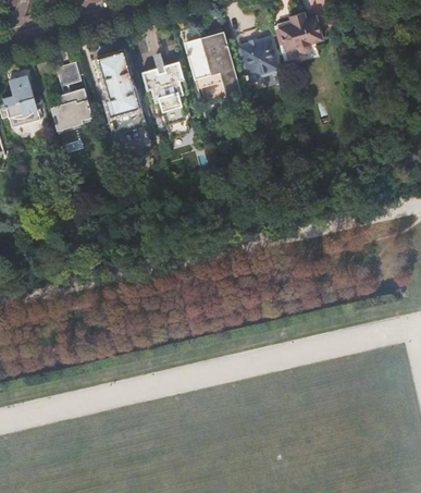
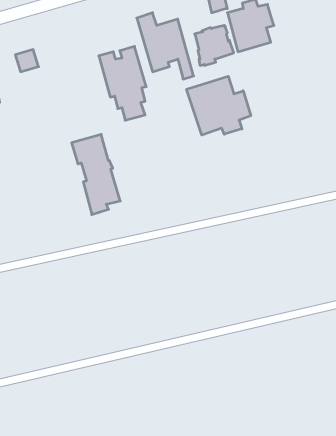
building: [92,49,143,132] -> [72,134,120,215]
building: [50,87,91,128] -> none
building: none -> [187,76,251,135]

